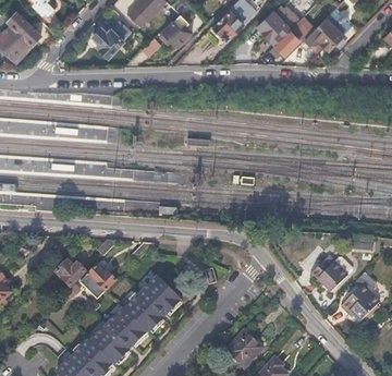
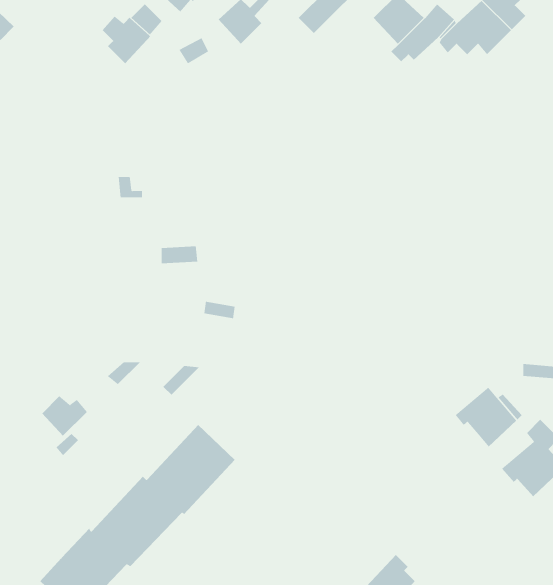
building: [82,265,115,296] -> none
building: [225,328,262,365] -> none

